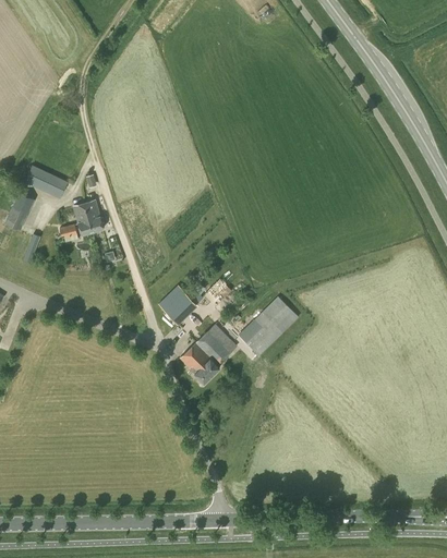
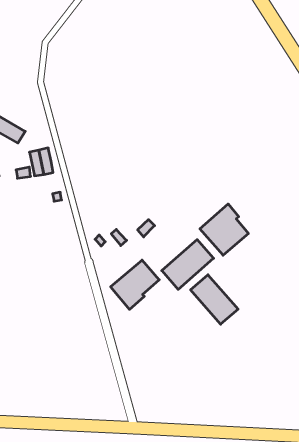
building: none -> [200,204,248,255]
building: none -> [191,275,238,324]

